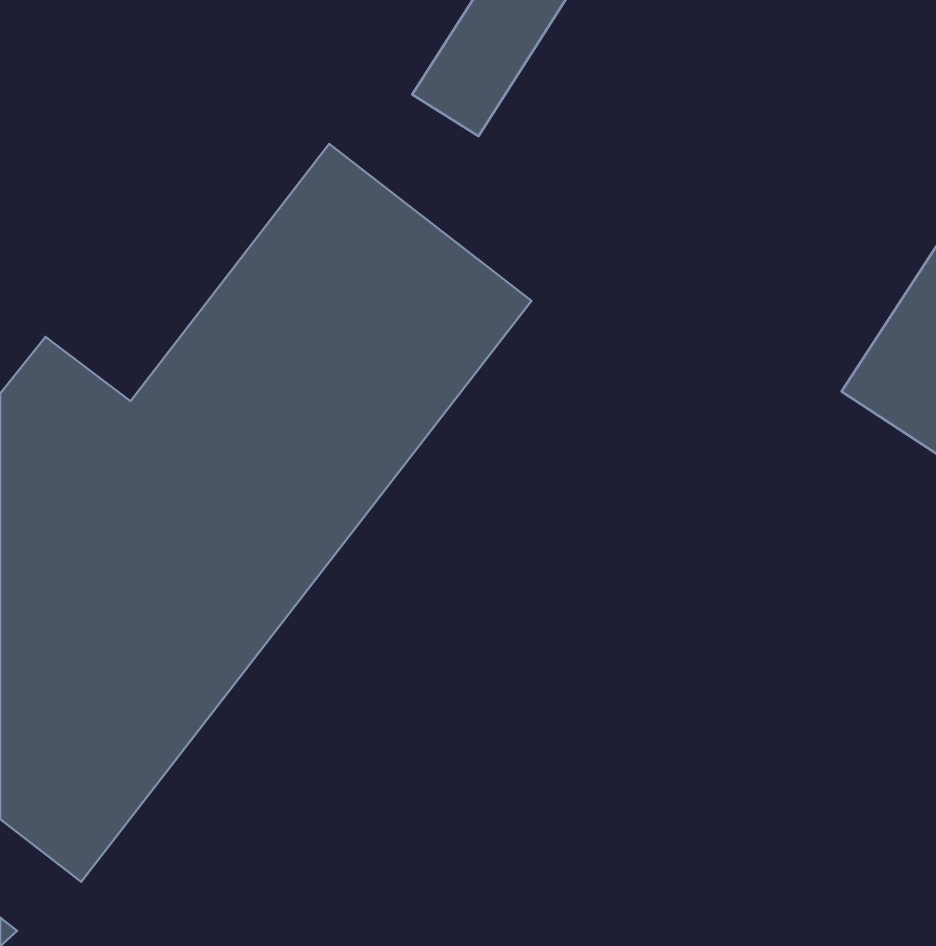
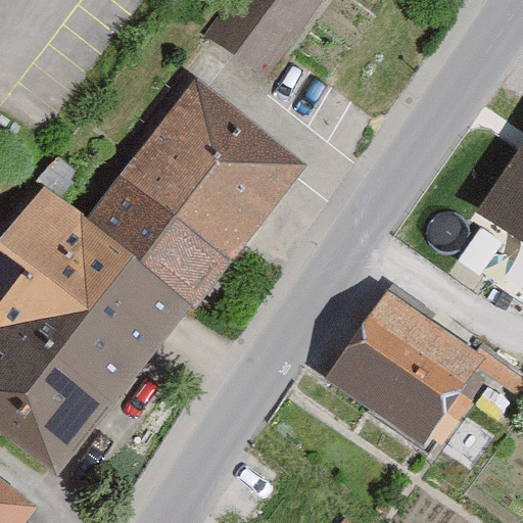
building: none -> [321,290,479,443]

